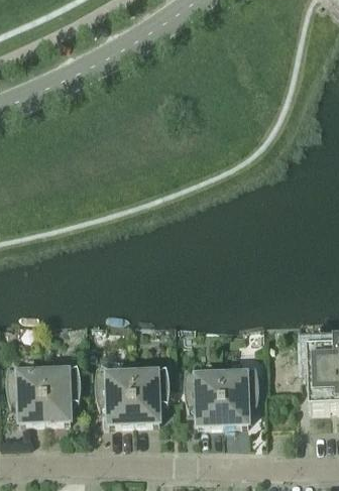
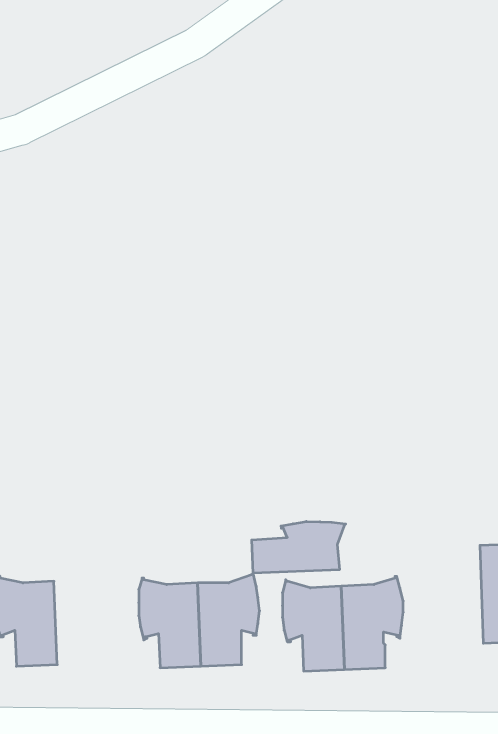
building: none -> [252,521,346,573]
building: [42,362,81,419] -> none

